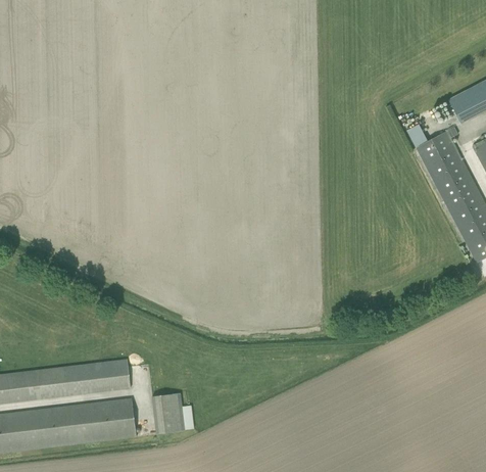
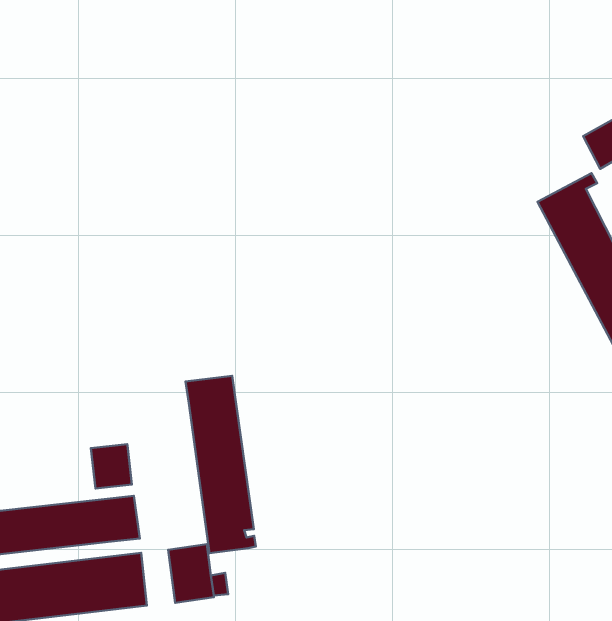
building: none -> [186,376,256,553]
building: none -> [91,444,132,488]

